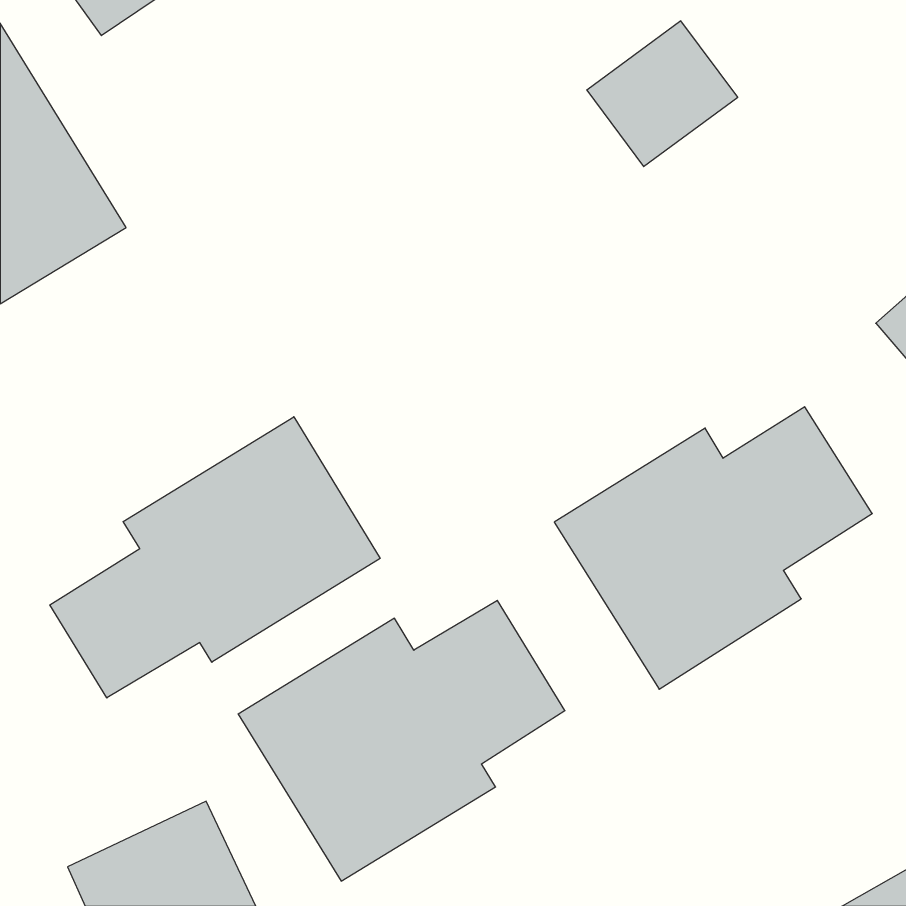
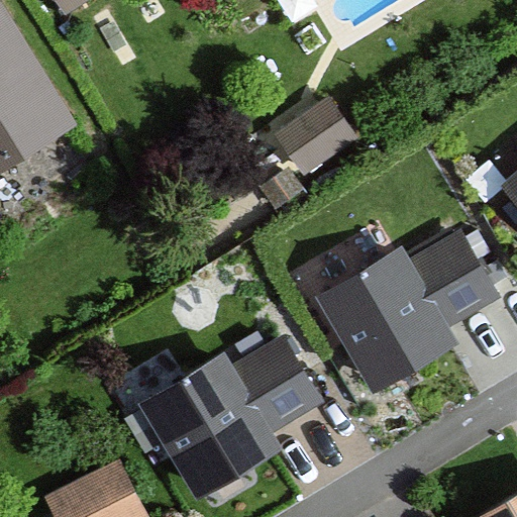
building: [587,21,738,167] -> [269,99,354,182]
building: [50,417,380,698] -> none

